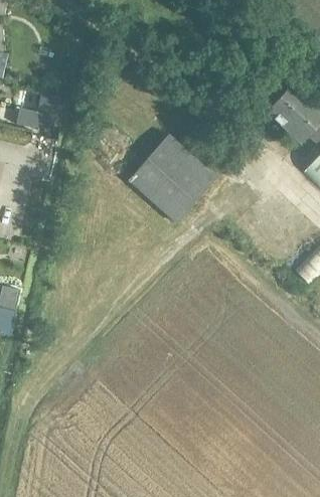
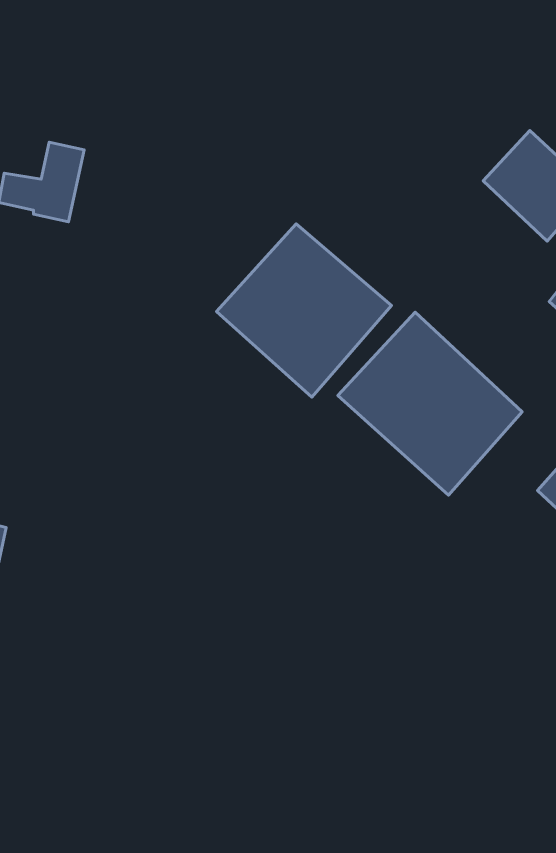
building: none -> [338,312,522,495]

